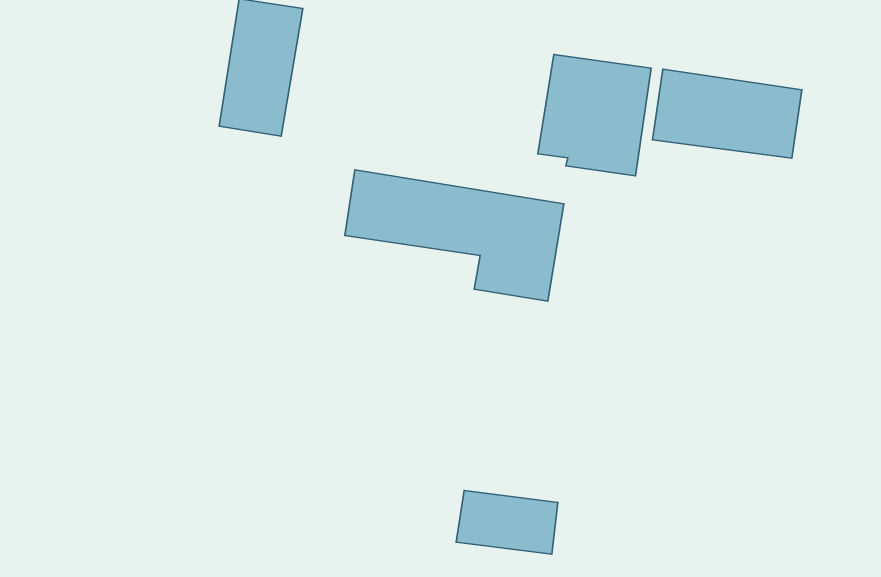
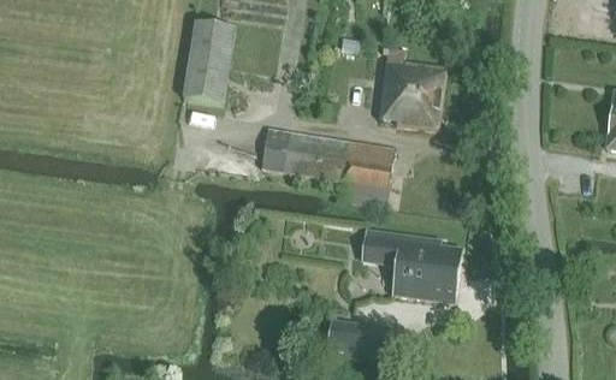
building: [652,69,802,158] -> none
building: none -> [362,228,461,302]

